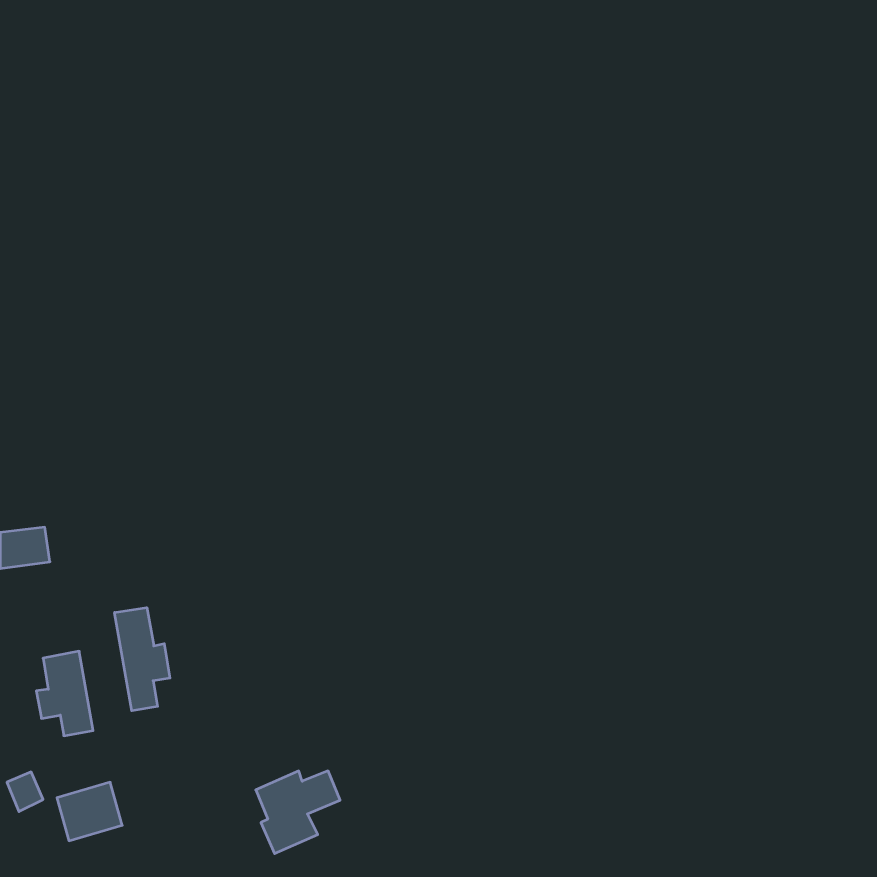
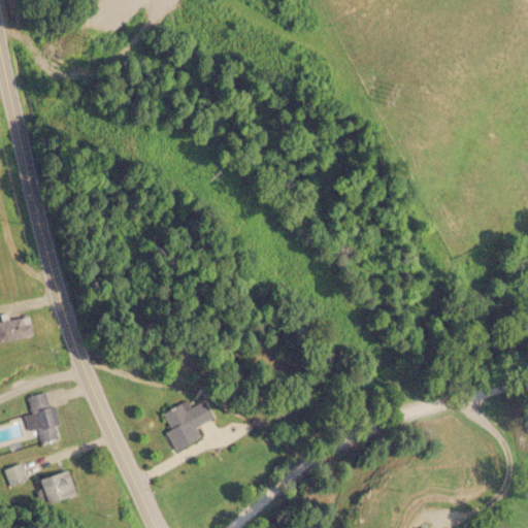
building: [115,608,170,711] -> none
building: [256,771,340,854] -> [163,402,213,452]

